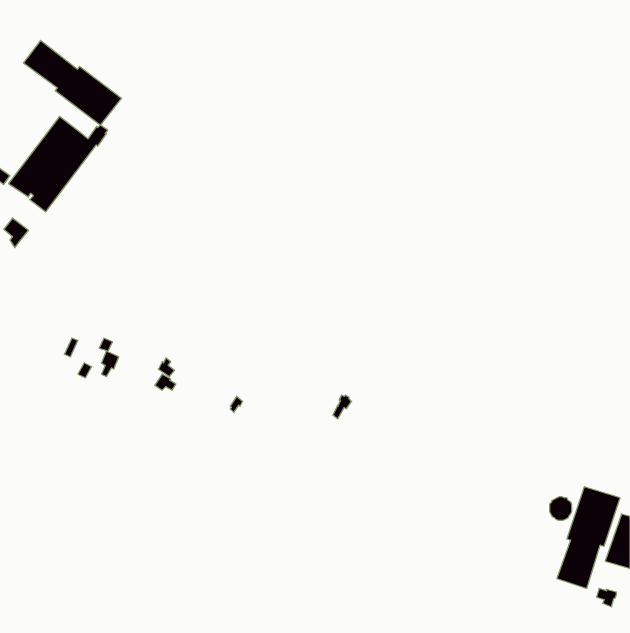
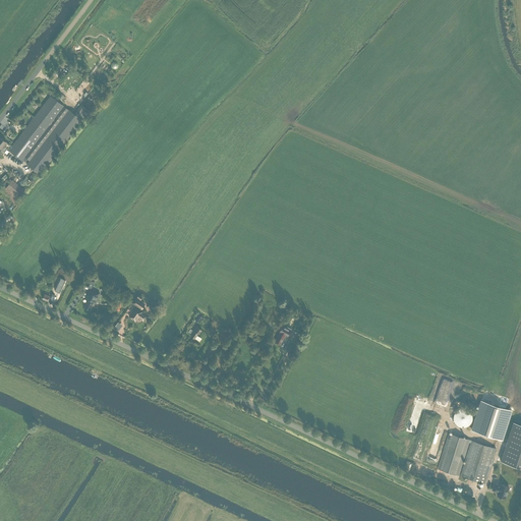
building: [23,40,122,125] -> none
building: none -> [436,432,467,475]

